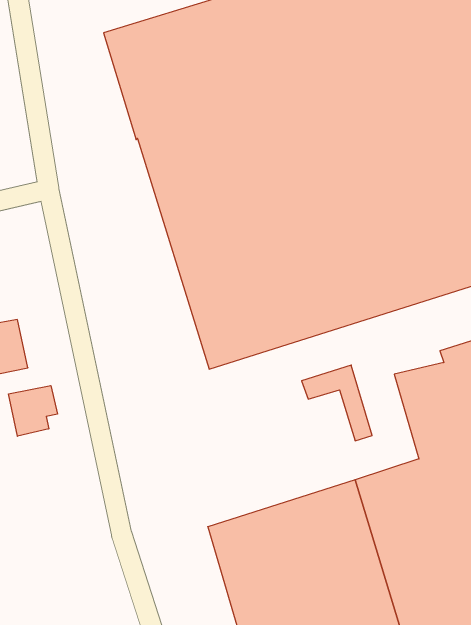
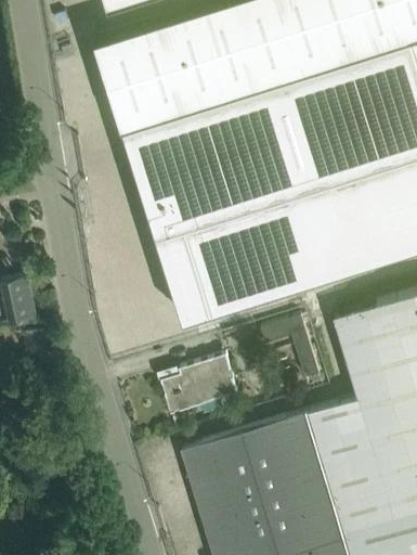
building: [9,386,57,436] -> none
building: none -> [160,354,237,414]

